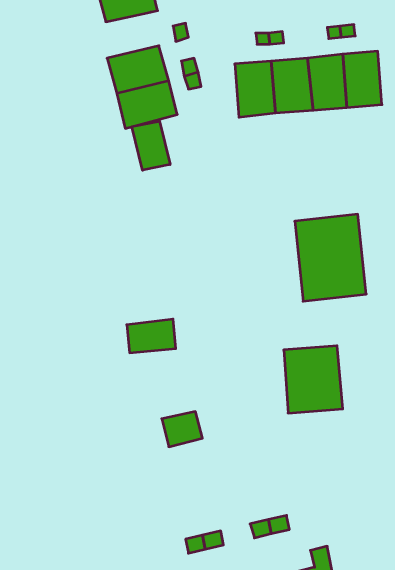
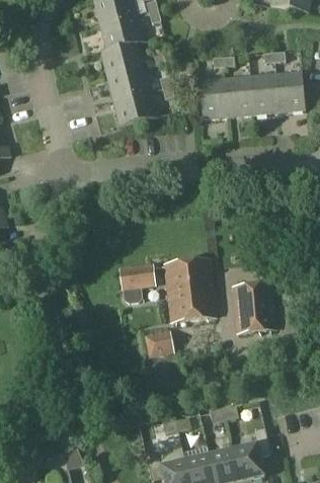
building: none -> [100,43,144,76]
building: [132,121,170,170] -> none
building: [295,214,366,301] -> [165,259,217,322]

